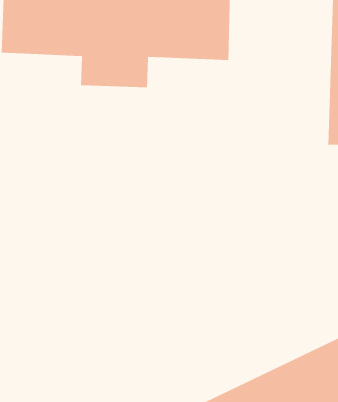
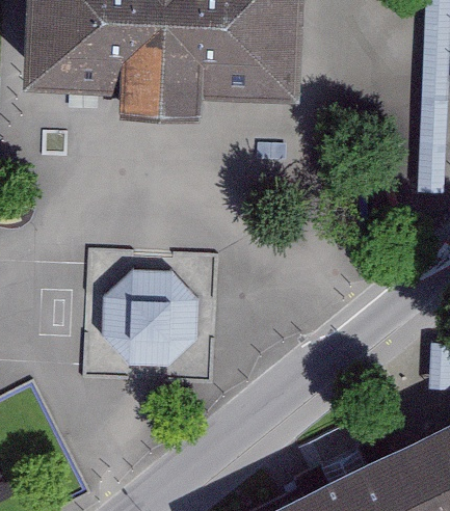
building: none -> [102,269,198,366]

